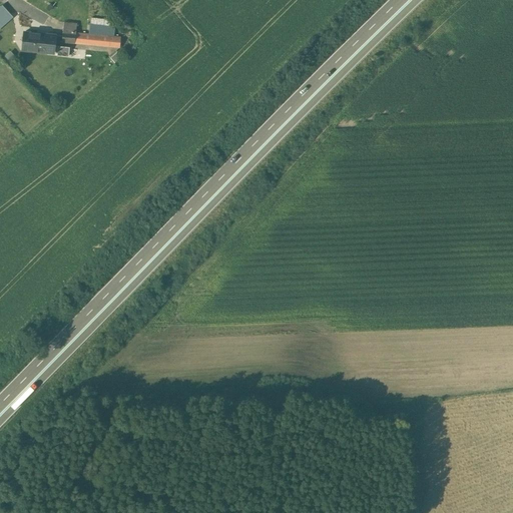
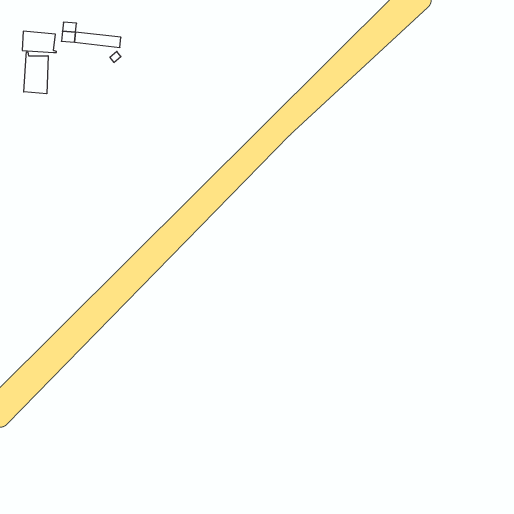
building: none -> [24,52,48,94]

